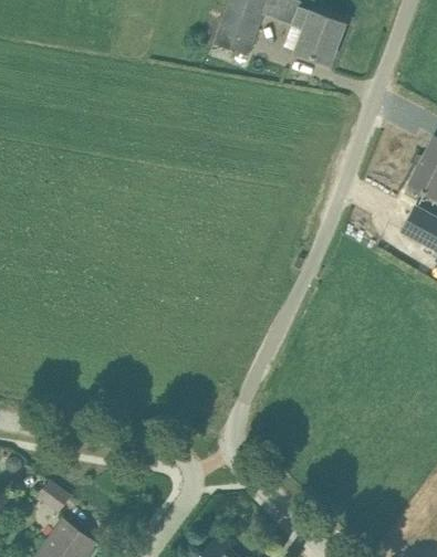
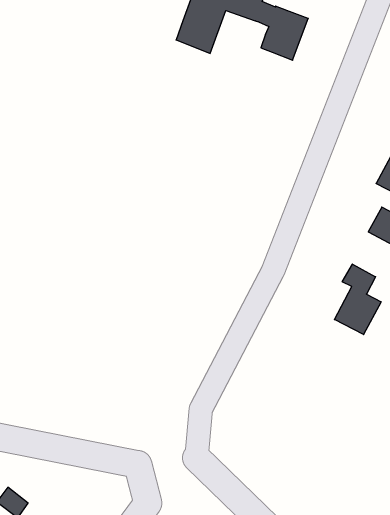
building: none -> [334,264,381,335]

